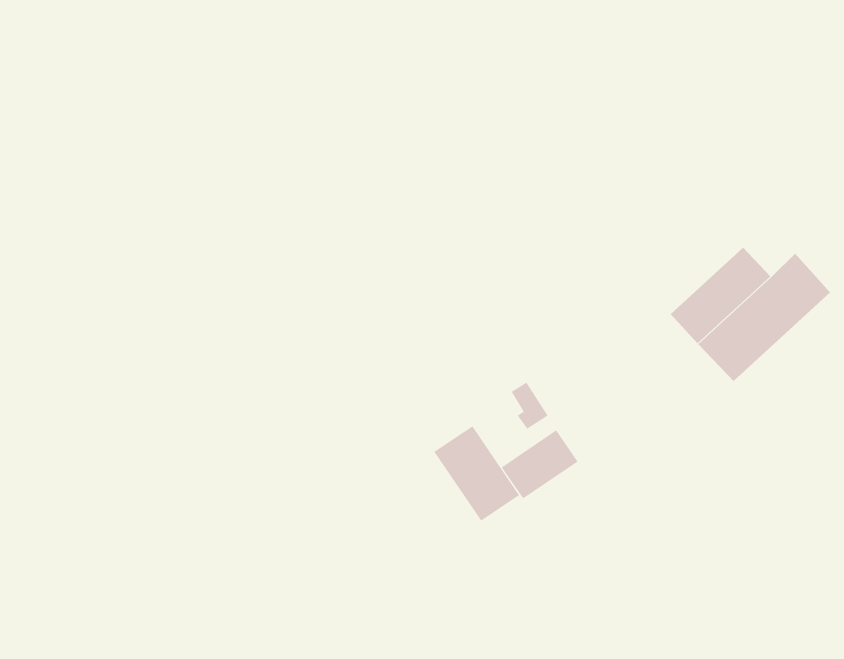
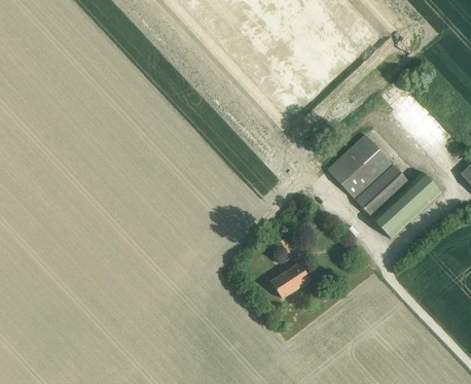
building: none -> [327,133,396,202]
building: [434,425,520,521] -> none

